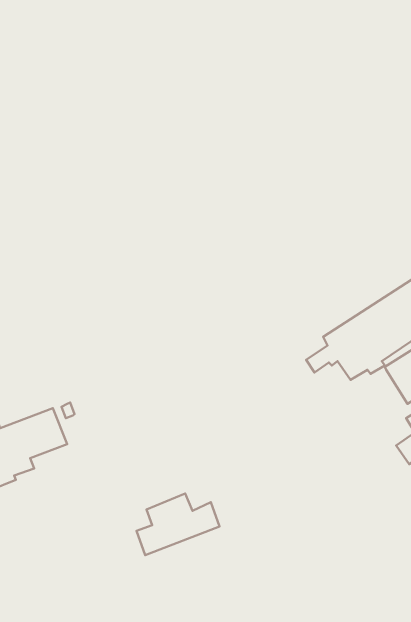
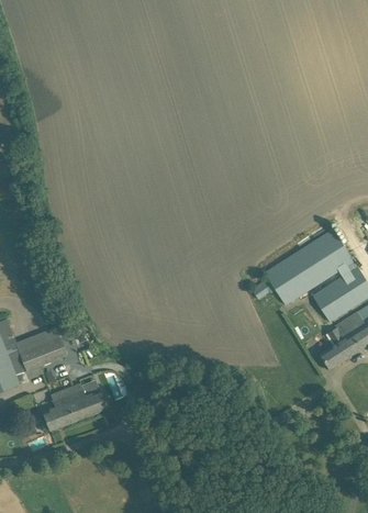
building: [137,494,220,555] -> [44,383,108,431]

